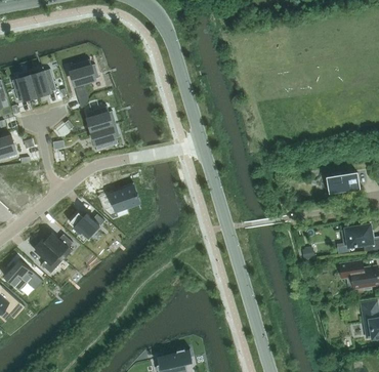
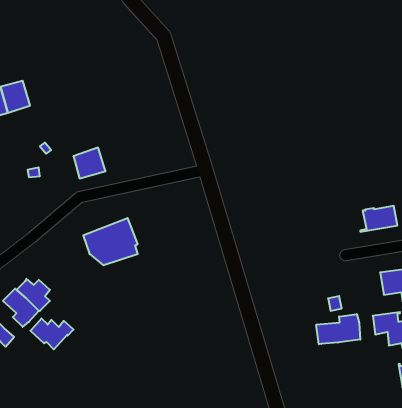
building: [69,58,97,85] -> none
building: [85,107,112,132] -> none
building: [69,212,104,238] -> [30,318,74,349]
building: none -> [316,314,360,344]

